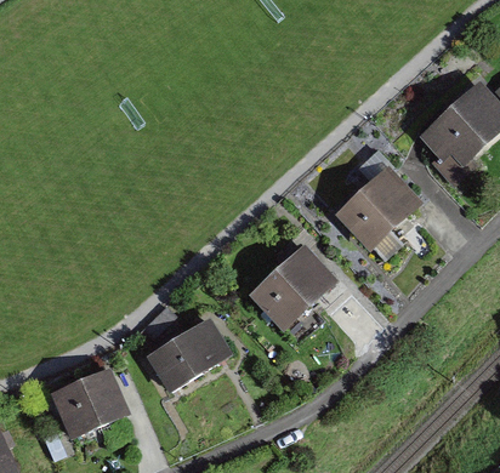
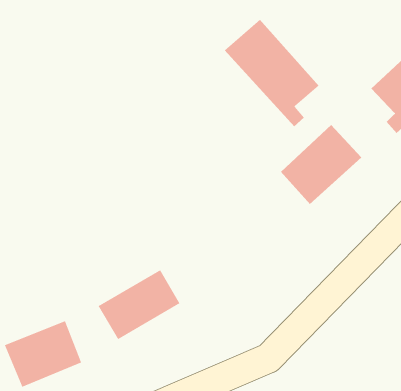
building: none -> [224,19,320,127]
building: [248,243,335,330] -> none

